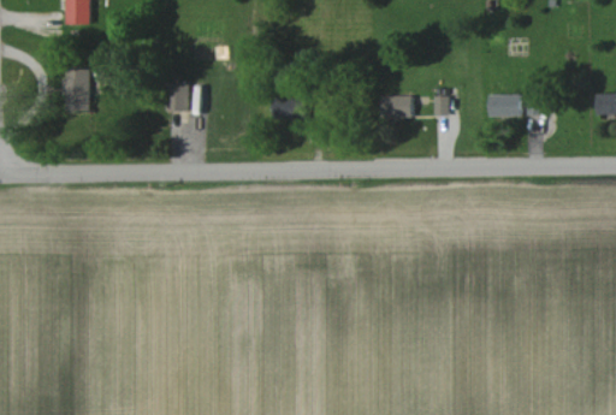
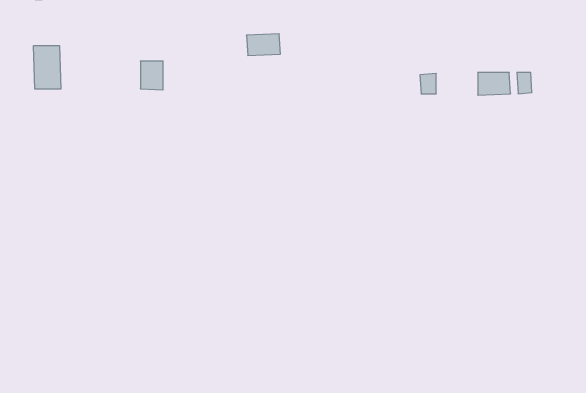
building: [380,96,411,118] -> none
building: [272,99,304,119] -> [246,34,280,55]

